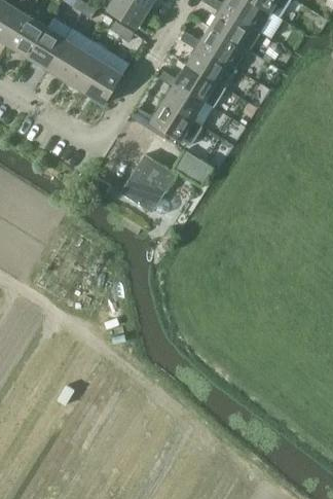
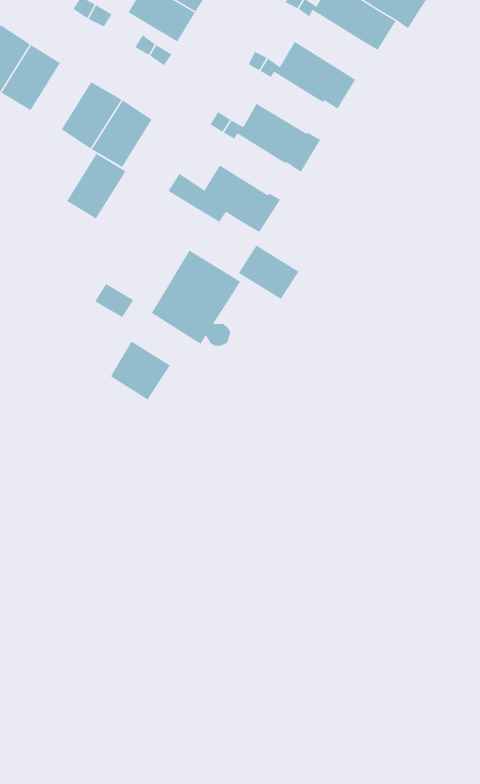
building: [210,7,261,50] -> none
building: [47,39,84,80] -> [66,153,126,219]
building: [186,45,236,86] -> none
building: [163,83,205,120] -> none
building: none -> [110,341,171,401]

